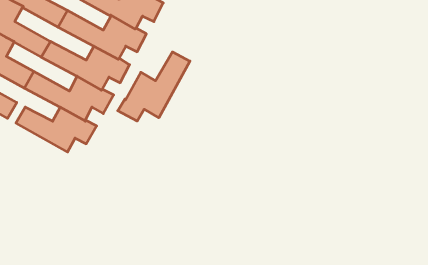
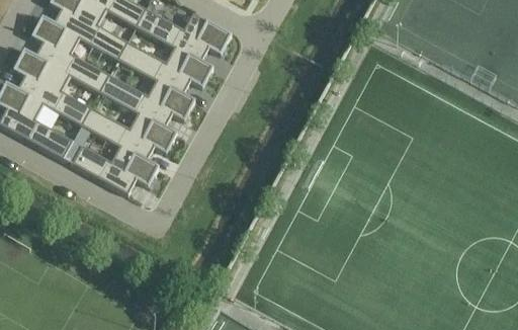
building: [118,52,190,121] -> none

